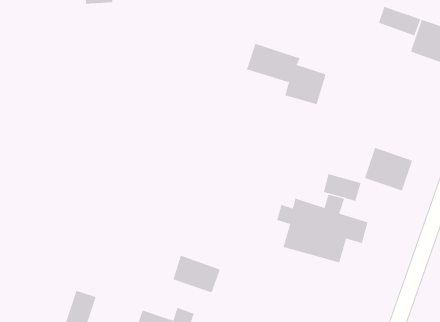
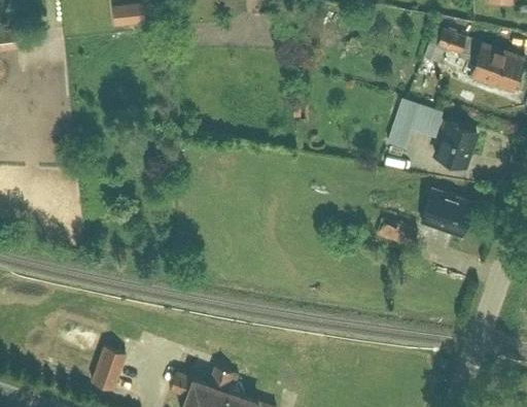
building: [246,43,327,105] -> [390,103,479,171]
building: [277,194,368,263] -> none
building: [173,255,221,293] -> none

